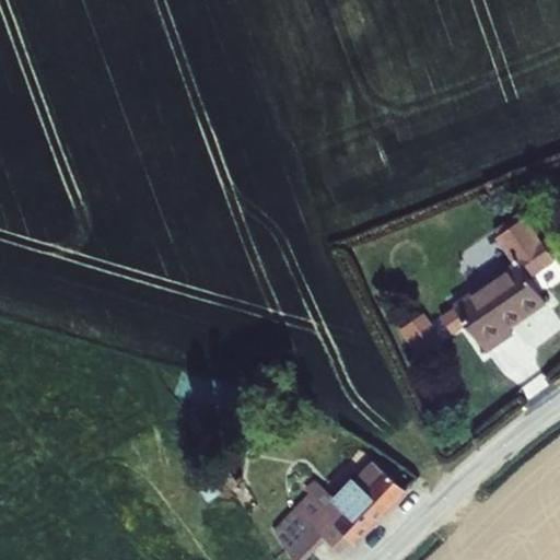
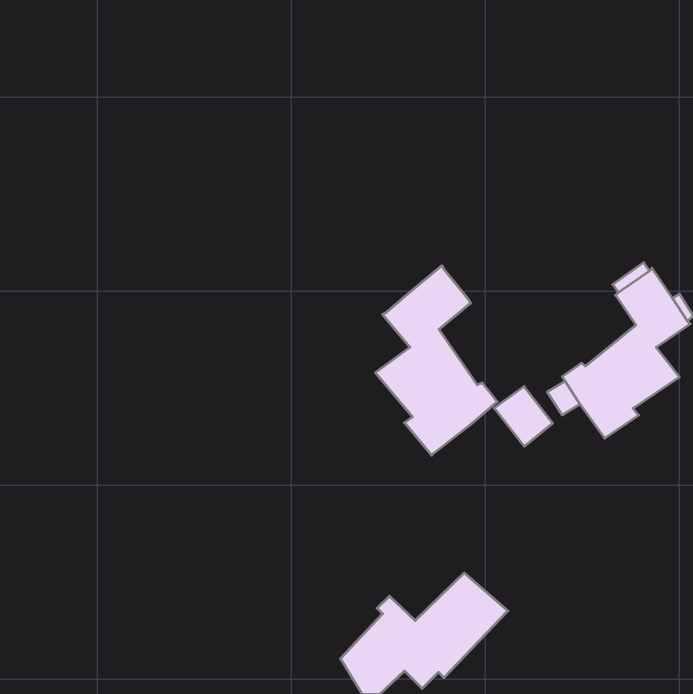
building: none -> [375,266,497,455]

